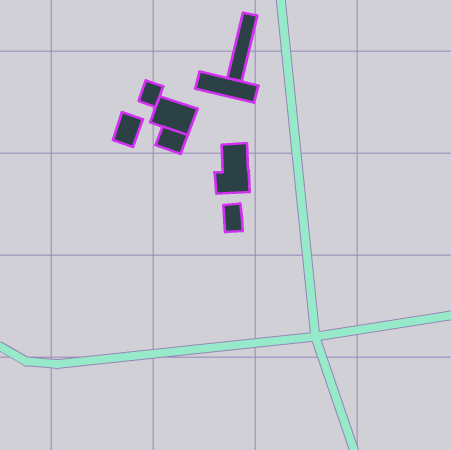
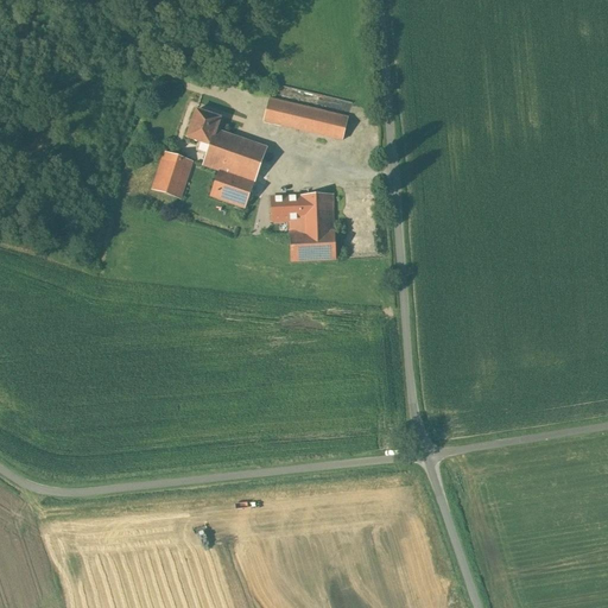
building: [227,13,257,81] -> none
building: none -> [271,195,299,232]
building: [224,203,243,232] -> none

